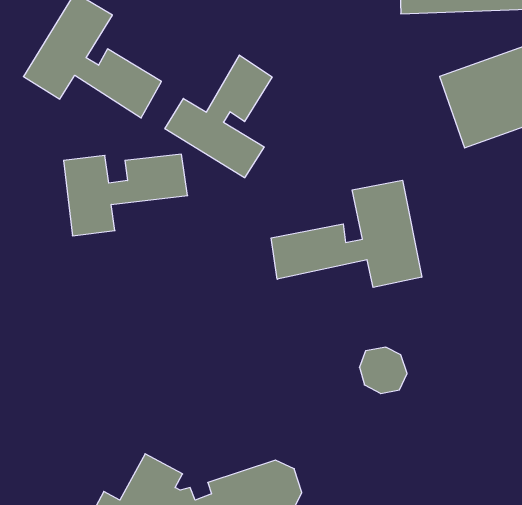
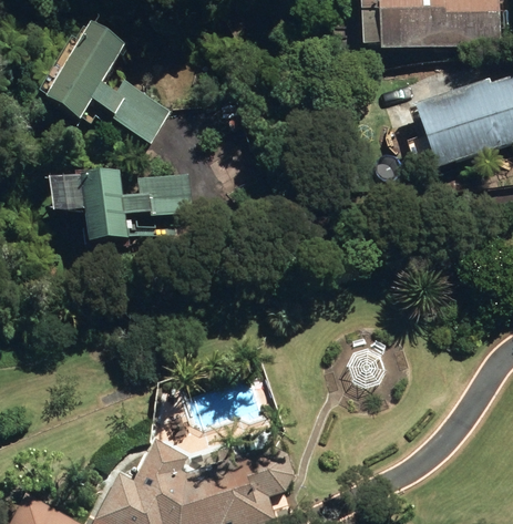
building: [165,55,272,178] -> none
building: [271,180,422,287] -> none

